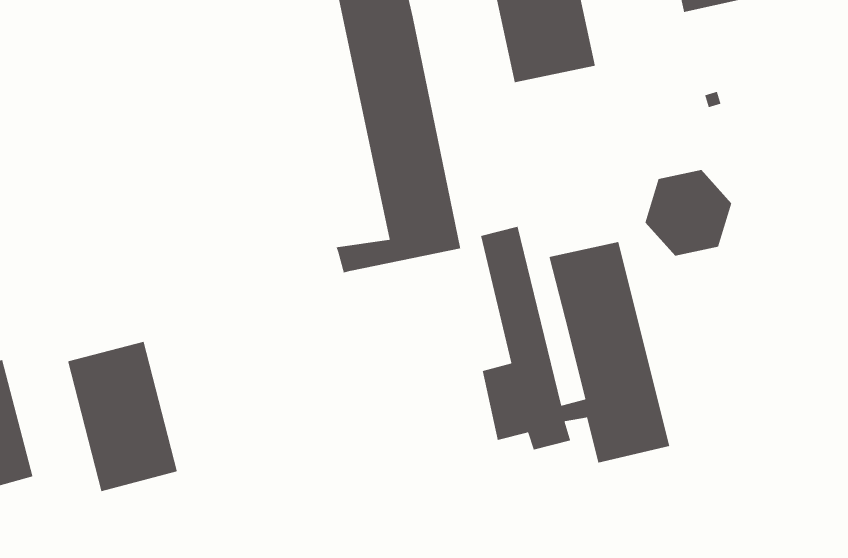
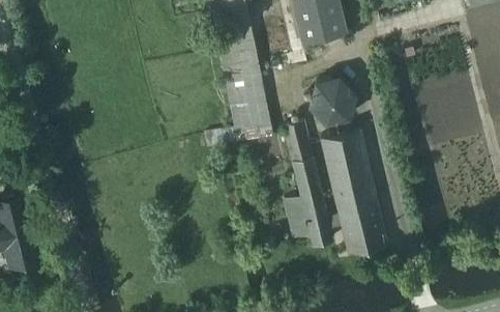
building: [645,169,732,257] -> [308,79,356,126]
building: [67,341,178,492] -> none

